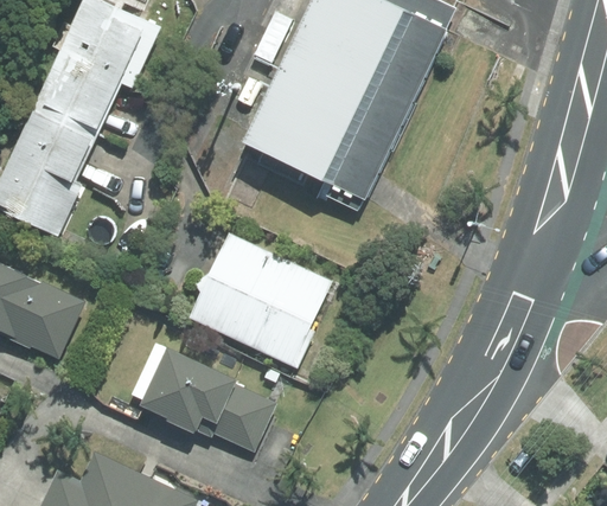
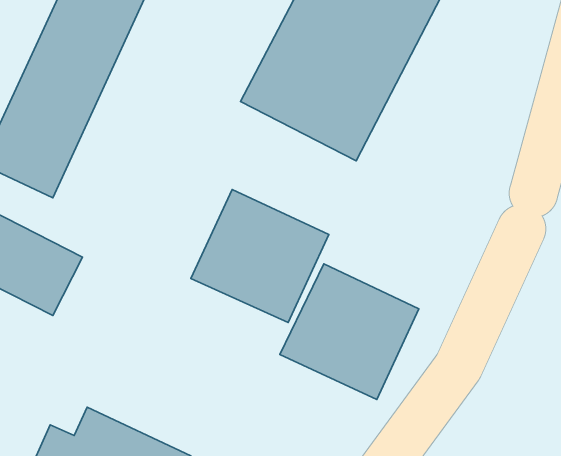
building: none -> [280,264,419,400]
building: [135,341,275,451] -> none

